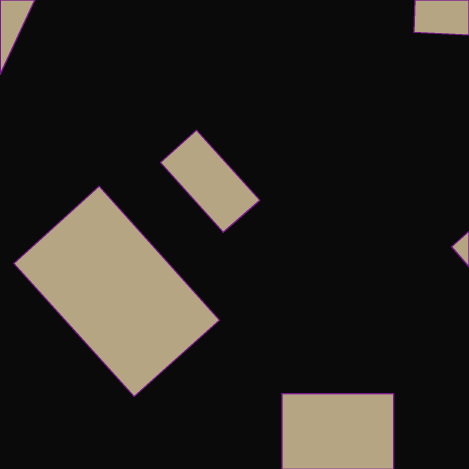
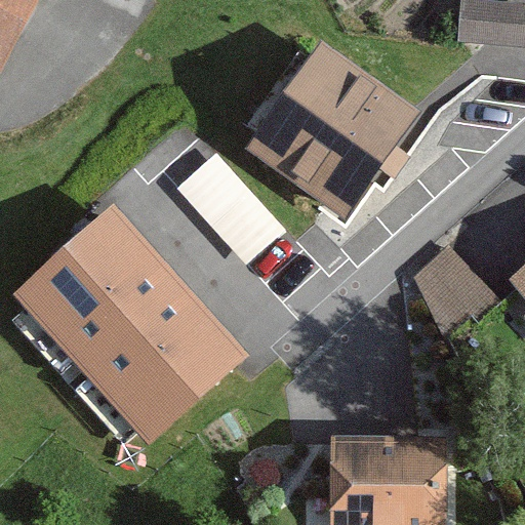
building: none -> [246,43,418,216]
building: none -> [411,239,491,323]

